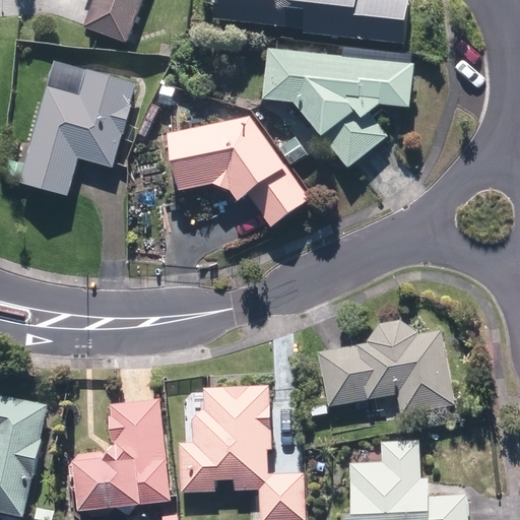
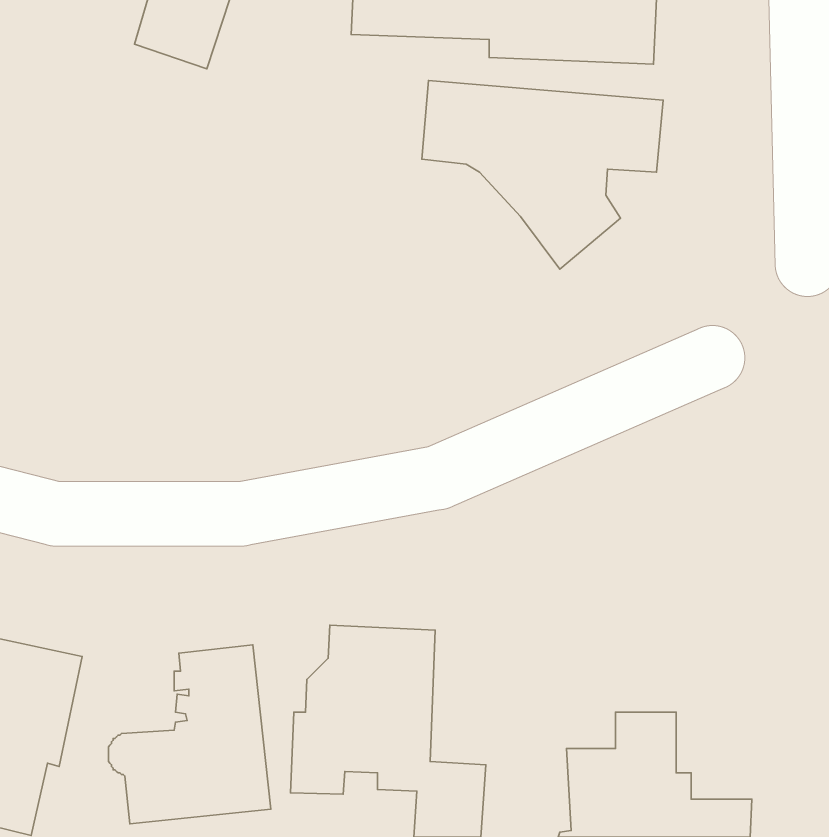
building: [23,59,136,194] -> none
building: [166,116,309,225] -> none
building: [318,320,451,413] -> none

